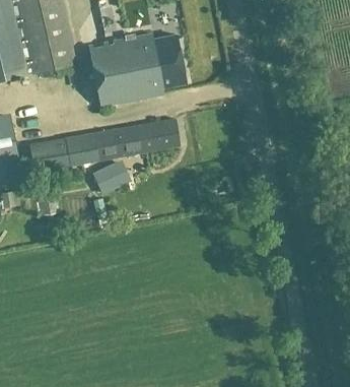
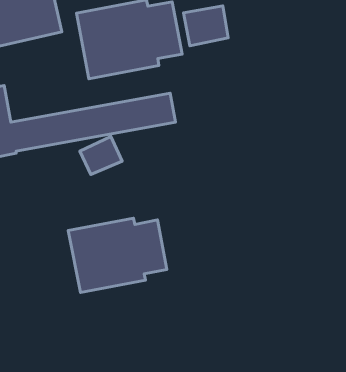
building: none -> [183,6,228,46]
building: none -> [68,218,167,293]

